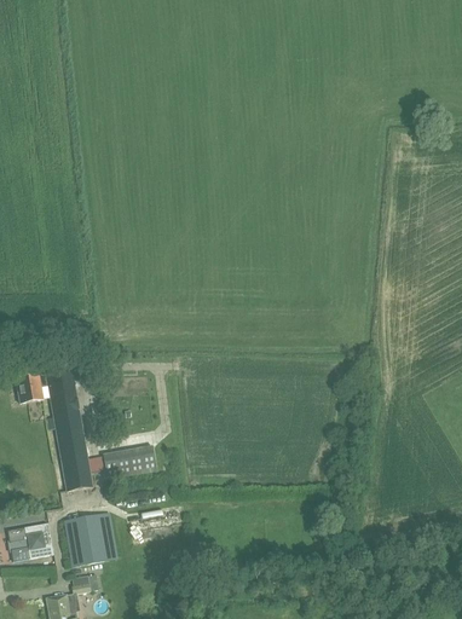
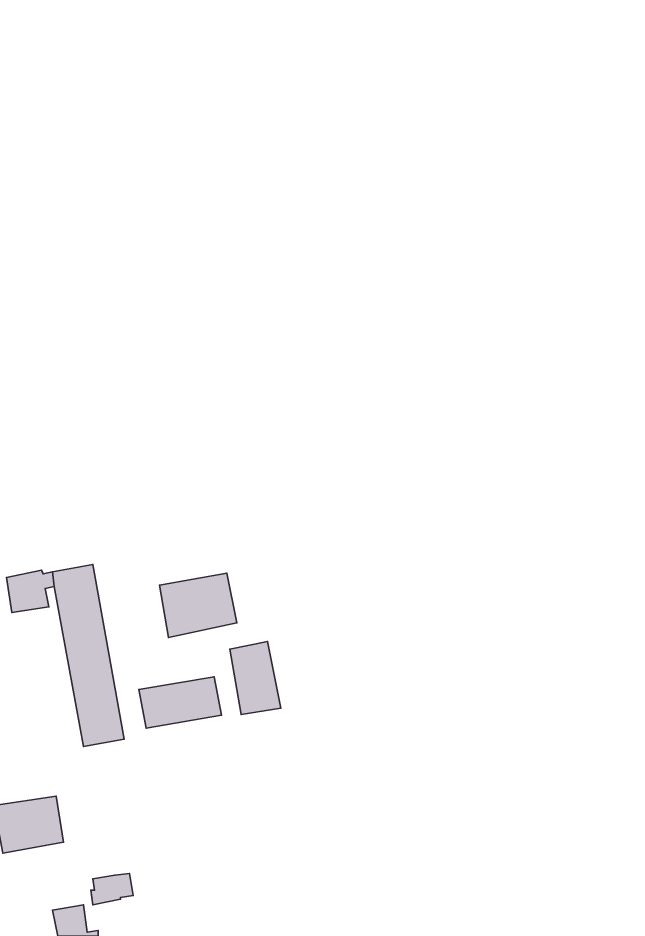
building: none -> [160,573,237,638]
building: none -> [230,642,281,714]
building: [63,511,116,567] -> none

